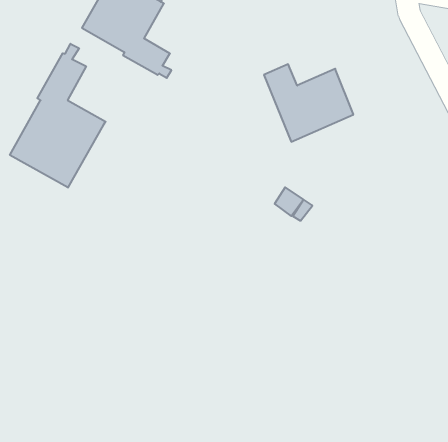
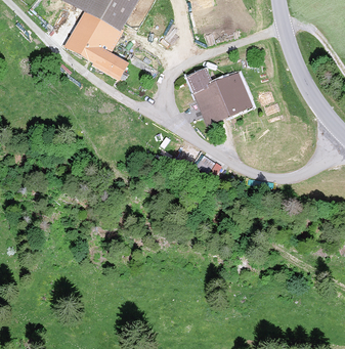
building: [10,44,106,188] -> none

